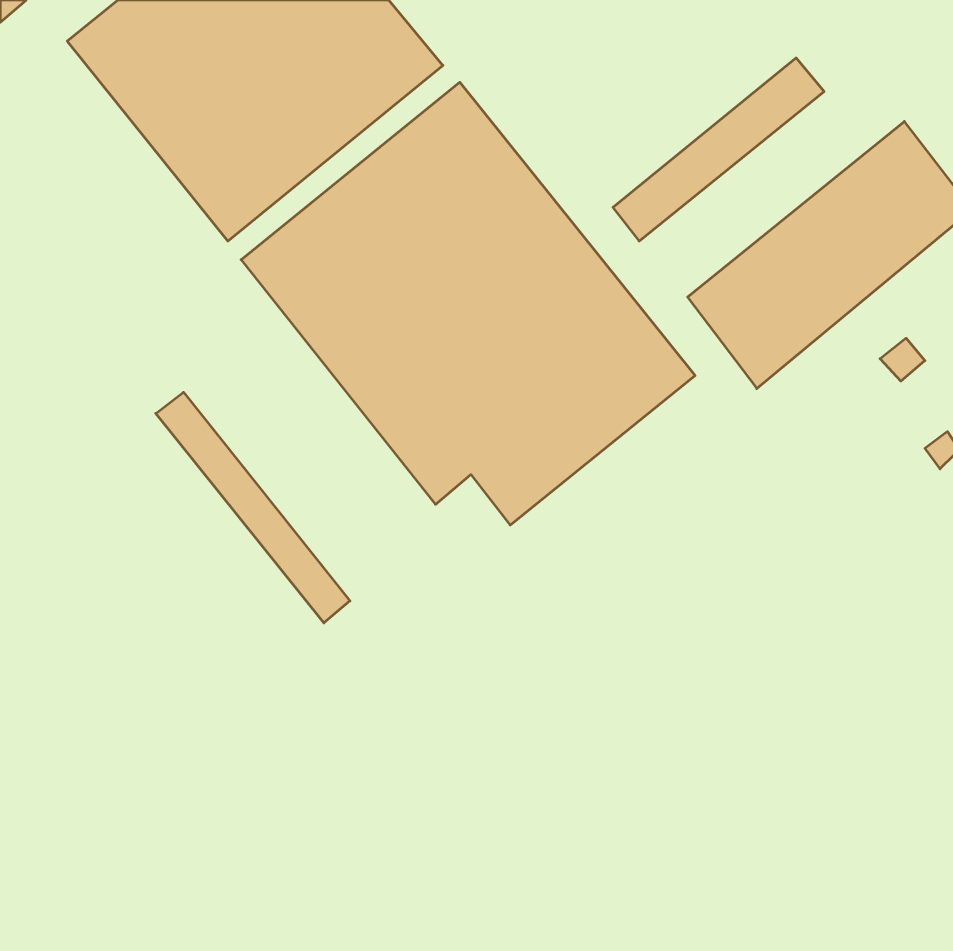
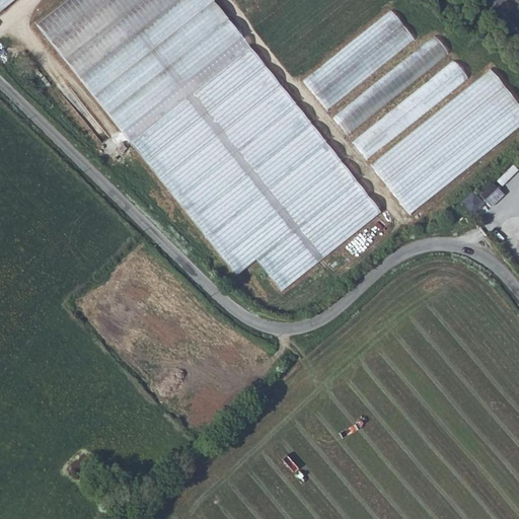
building: none -> [304,8,414,107]
building: none -> [353,59,468,158]
building: [156,392,350,623] -> none

